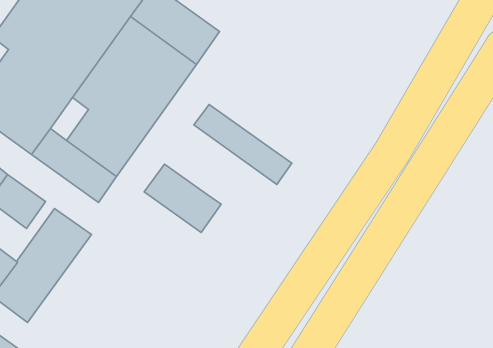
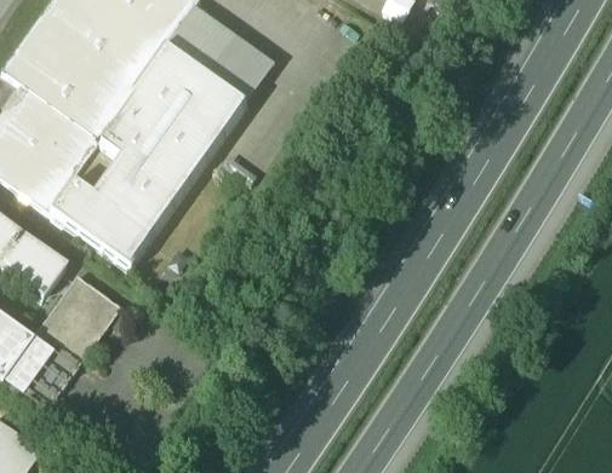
building: [194,105,292,184] -> none
building: [144,164,221,233] -> none

